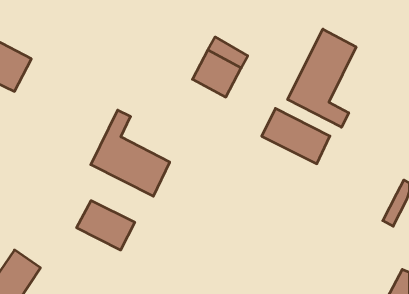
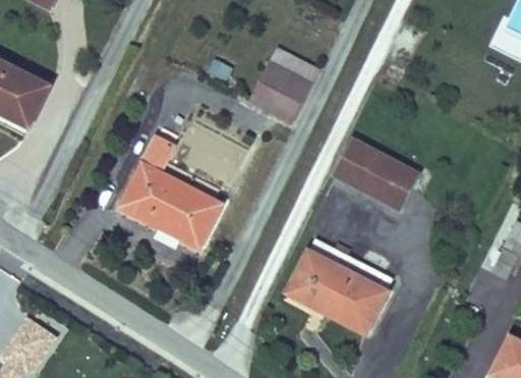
building: [288,29,356,127] -> none
building: none -> [286,241,391,335]
building: [77,201,135,250] -> none

